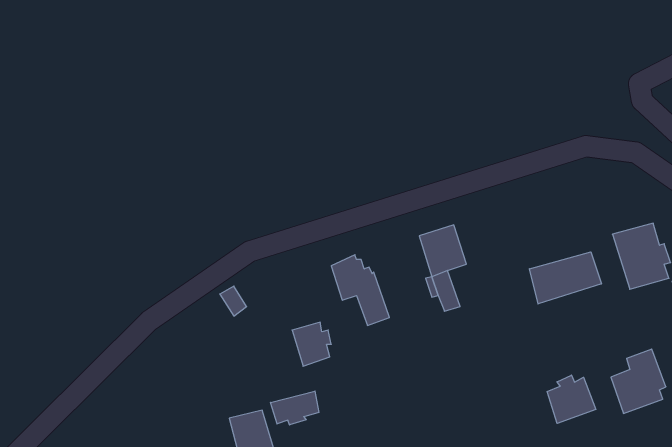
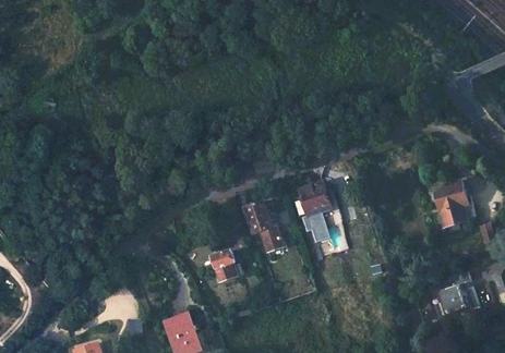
building: [529,252,601,304] -> none
building: [547,375,596,423] -> none
building: [271,391,319,425] -> none

